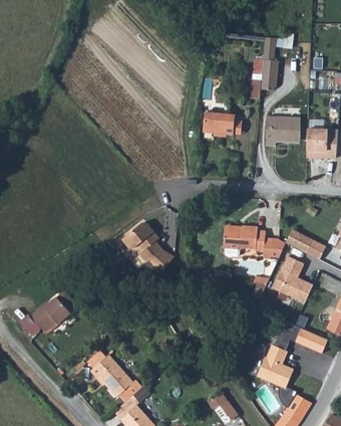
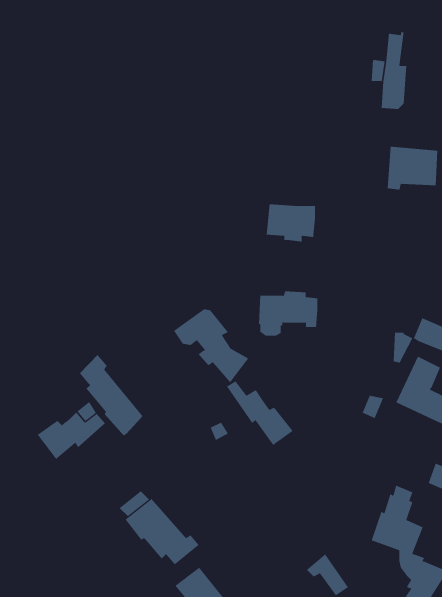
building: [199,113,233,139] -> [266,204,316,242]
building: [227,225,268,256] -> [258,291,318,336]
building: none -> [79,354,143,437]
building: none -> [226,380,294,446]

